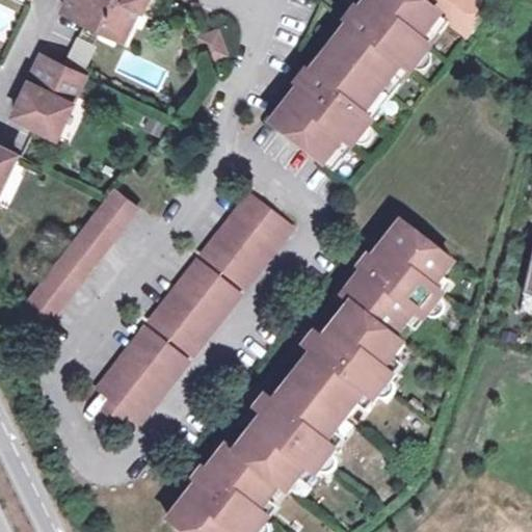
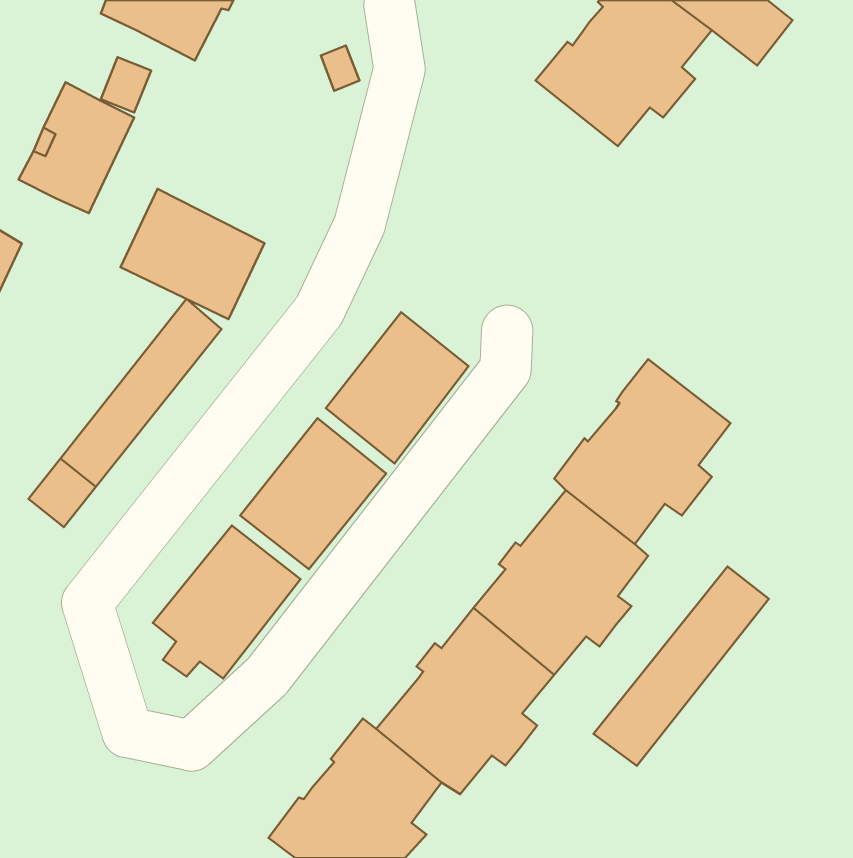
building: [273,50,382,164] -> none
building: none -> [121,189,265,319]
building: none -> [594,567,769,766]

